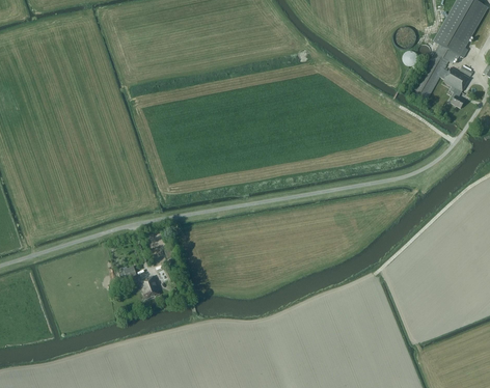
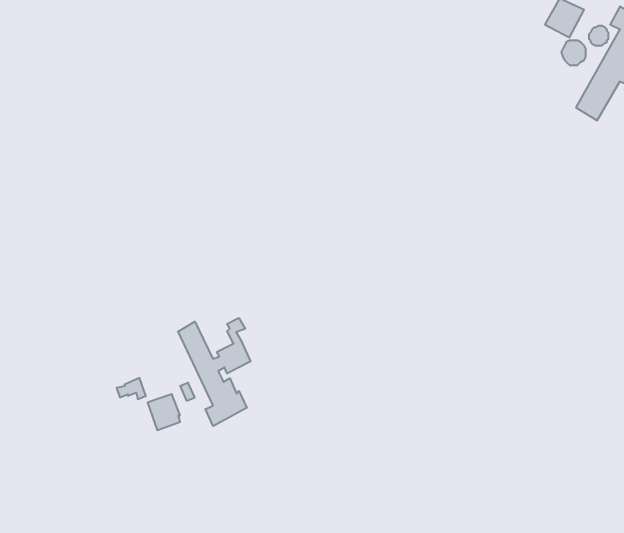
building: none -> [178,318,250,426]

